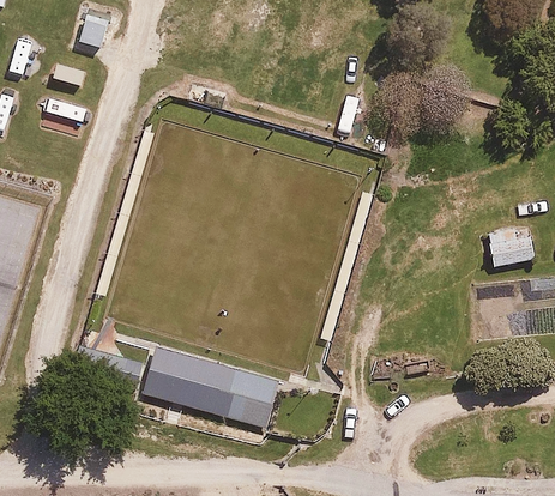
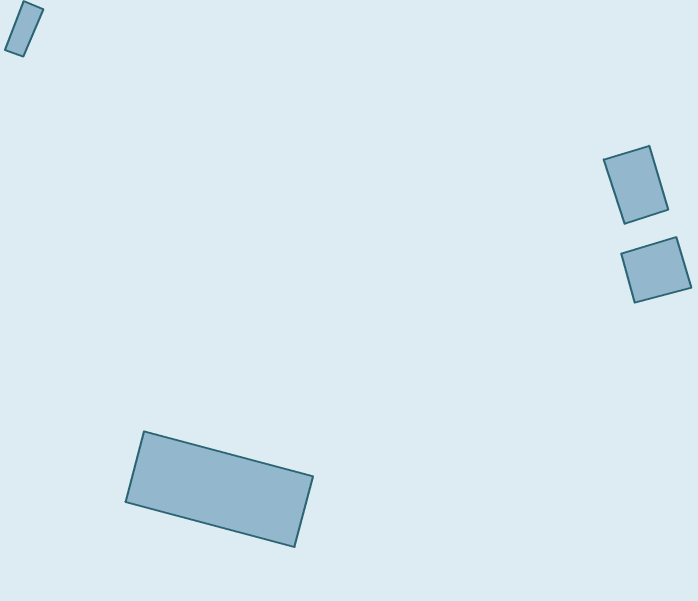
building: none -> [604,146,668,224]

